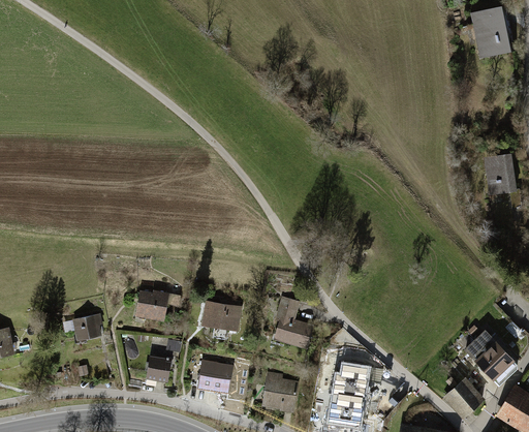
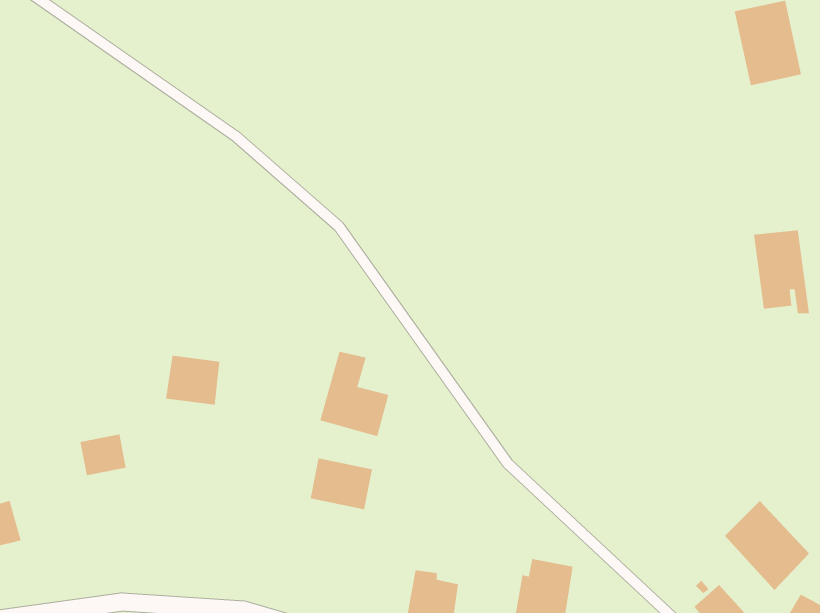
building: [134,289,169,321] -> [165,355,220,405]
building: [271,297,315,351] -> [319,351,389,437]
building: [71,312,101,339] -> [80,434,127,476]
building: [145,349,172,380] -> none
building: [197,359,235,390] -> none

